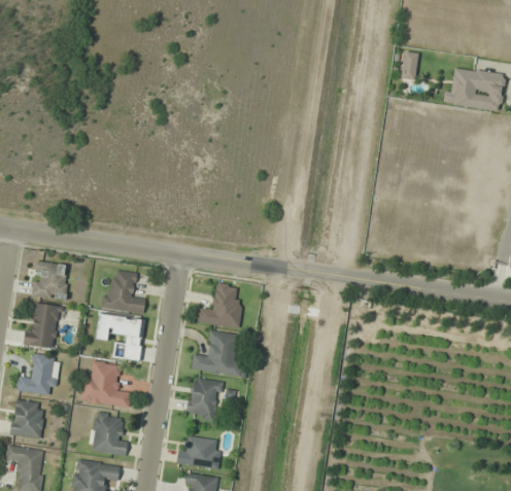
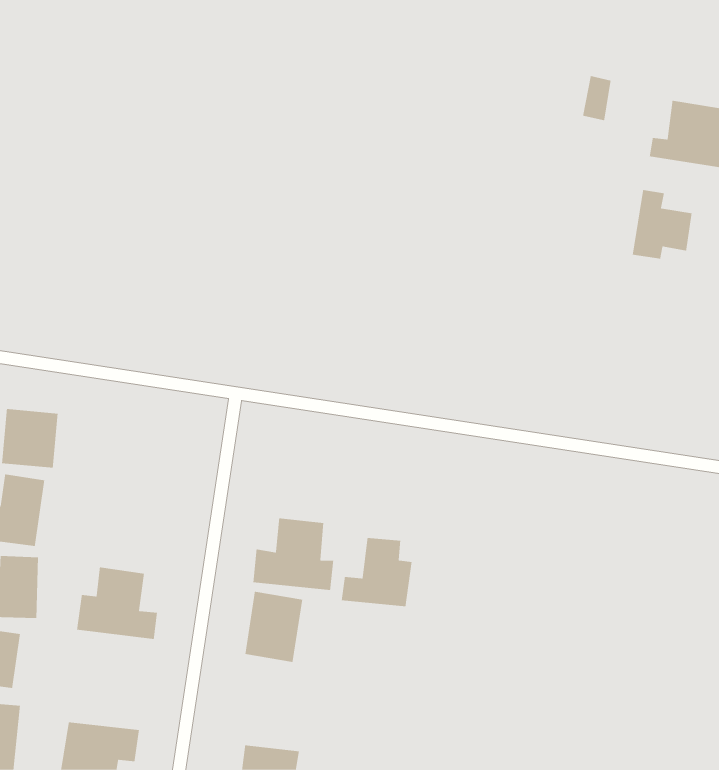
building: none -> [632,189,692,259]
building: [101,270,146,313] -> none
building: [198,283,243,327] -> [341,537,413,607]
building: [97,314,145,361] -> none
building: [90,412,128,456] -> none
building: [176,436,222,469] -> none

